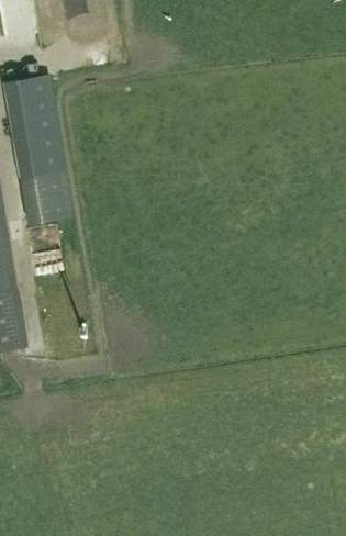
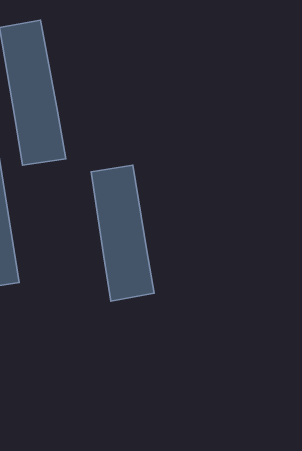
building: none -> [91,165,154,301]

